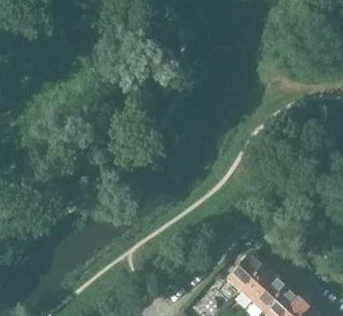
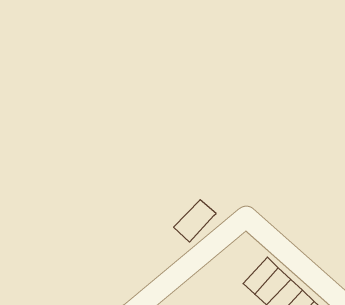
building: [229,251,269,291] -> [174,200,216,242]

